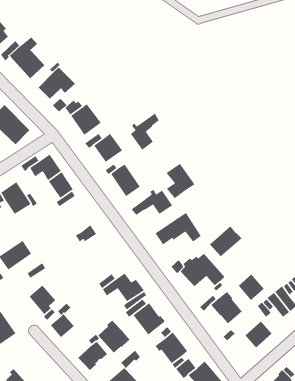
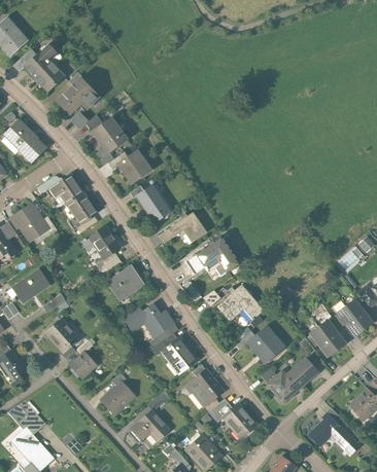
building: [130,113,160,151] -> none
building: [166,163,196,200] -> none
building: none -> [81,225,121,259]
building: [209,225,242,257] -> none
building: none -> [106,264,144,300]
building: [238,273,265,301] -> none
building: [98,320,130,353] -> none
building: none -> [267,371,298,402]

